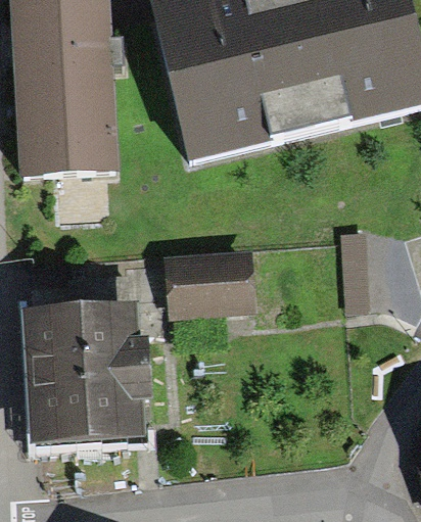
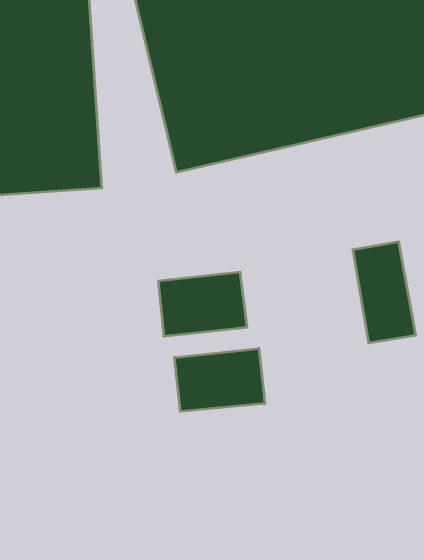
building: [31,306,148,439] -> none
building: none -> [175,348,265,411]

